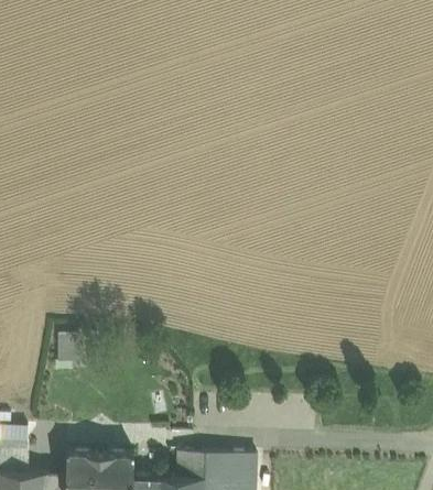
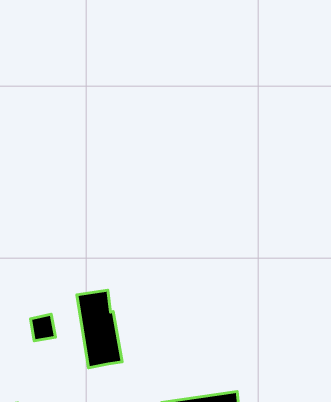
building: none -> [77,290,122,368]

